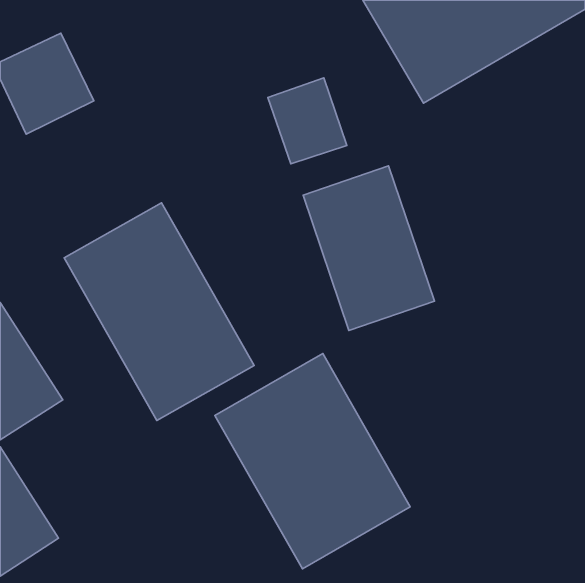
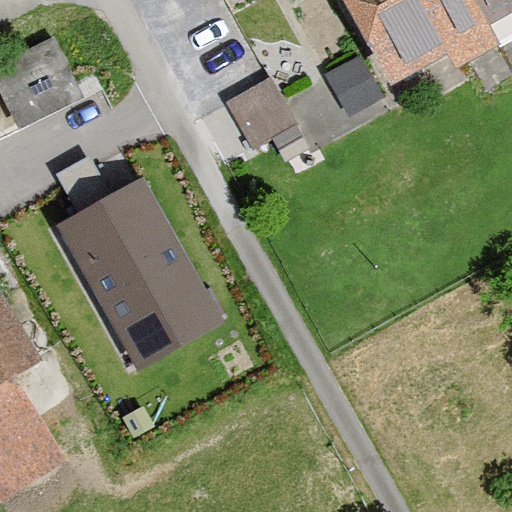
building: [303,166,435,331] -> none
building: [215,354,410,569] -> none

